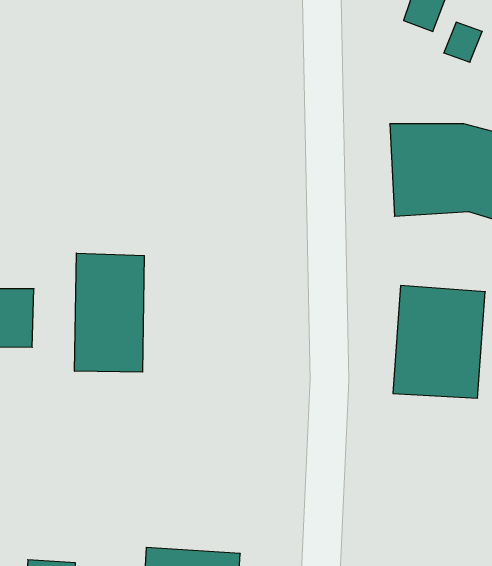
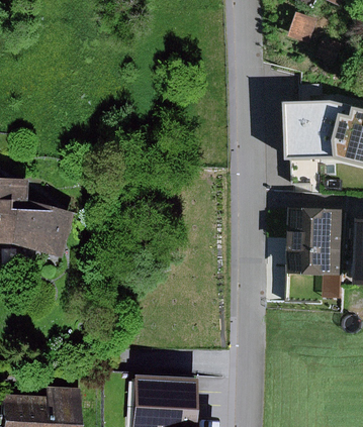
building: [75,253,144,372] -> none

